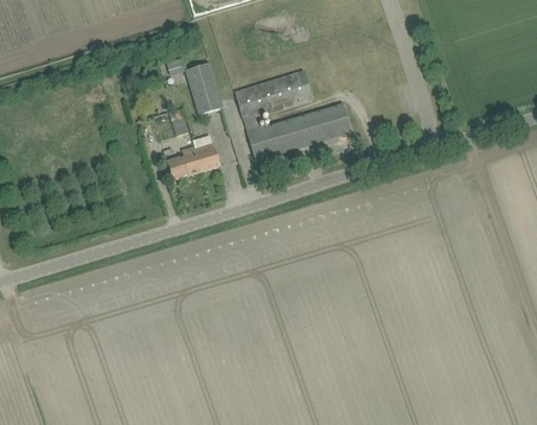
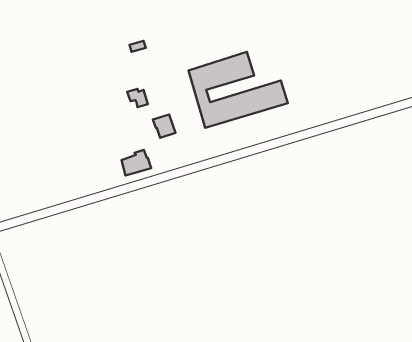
building: [186,61,222,113] -> none
building: [167,149,202,179] -> [121,150,151,175]

